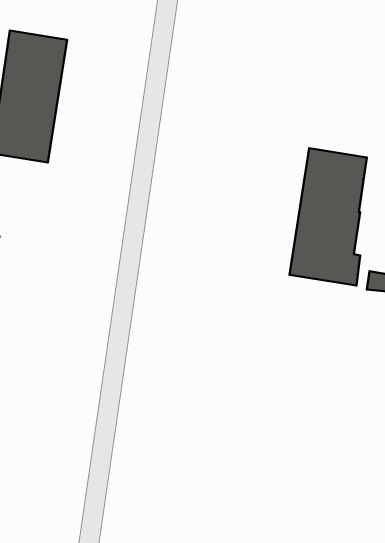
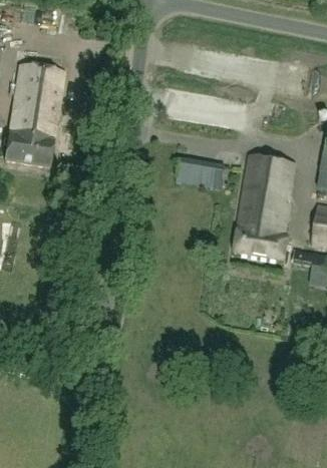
building: none -> [177,156,216,186]

